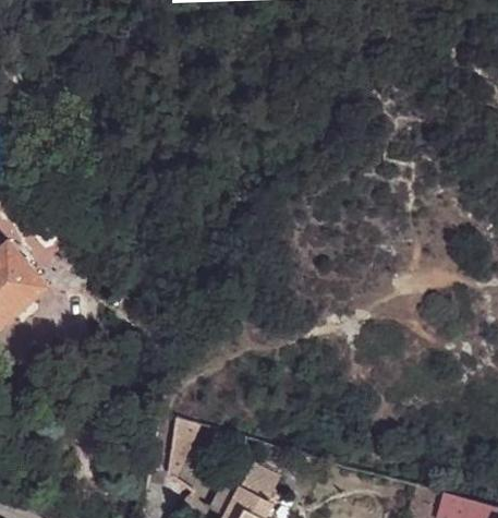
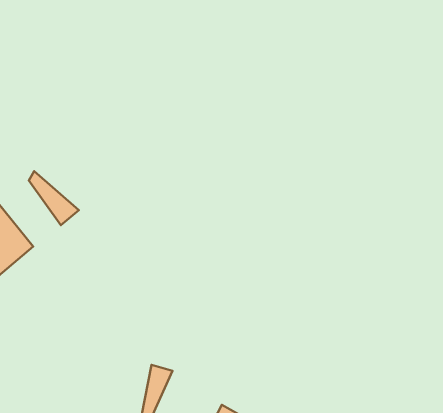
building: none -> [29,171,79,225]

